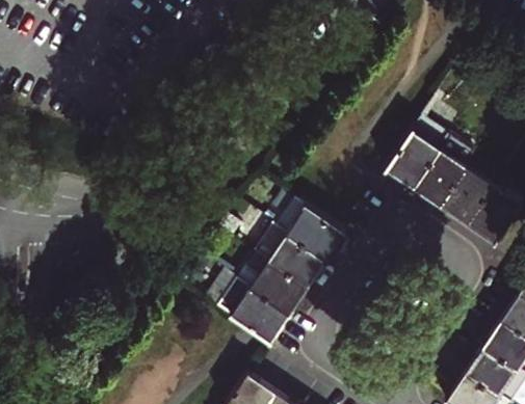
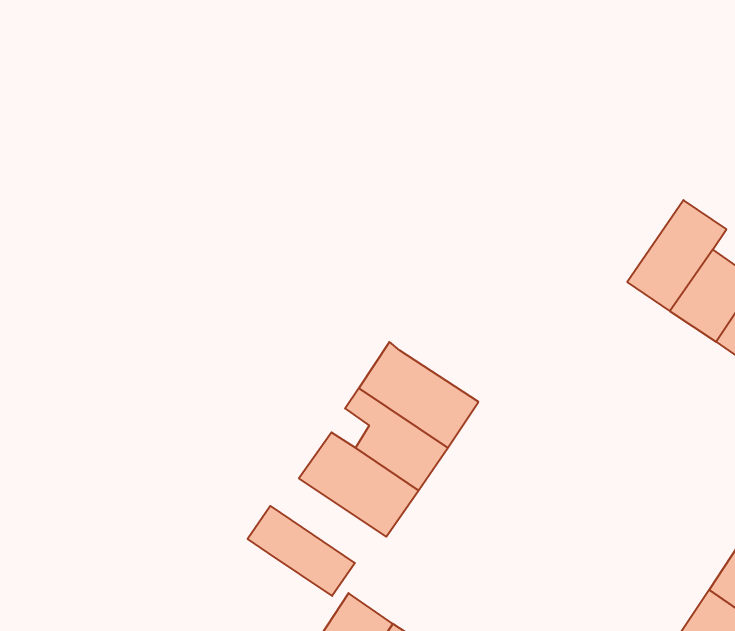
building: [388,120,450,189] -> none
building: [278,203,344,262] -> none
building: none -> [248,506,355,596]

